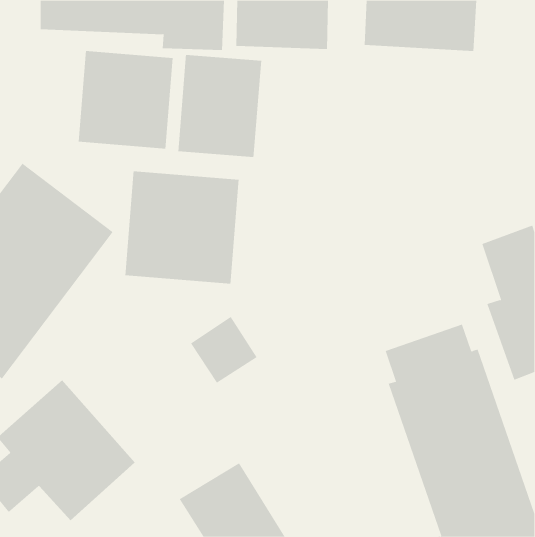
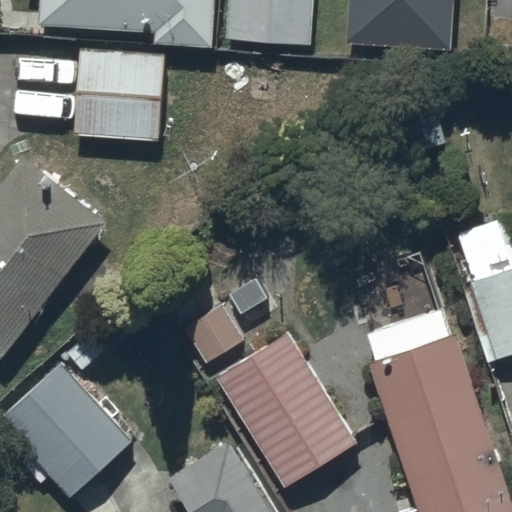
building: [178,54,262,158] -> none
building: [125,171,239,284] -> none
building: none -> [215,330,356,486]

